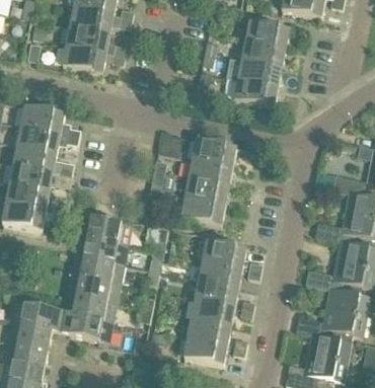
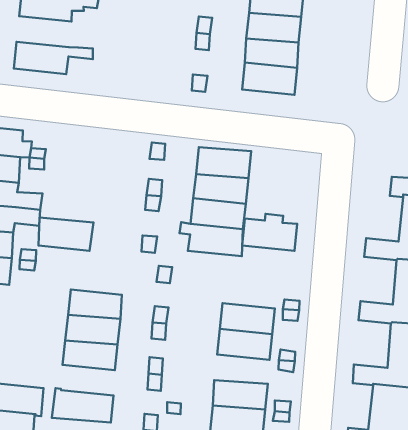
building: [66,24,126,55] -> none
building: [88,215,132,244] -> [38,217,93,251]
building: [203,236,246,266] -> [242,214,297,251]
building: [73,293,116,320] -> none
building: [191,297,234,323] -> none

